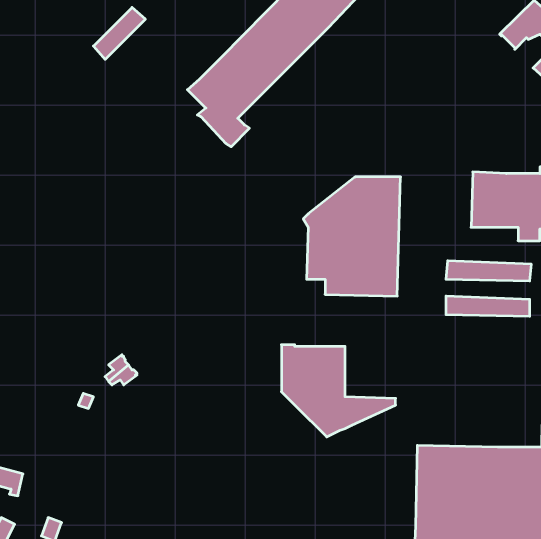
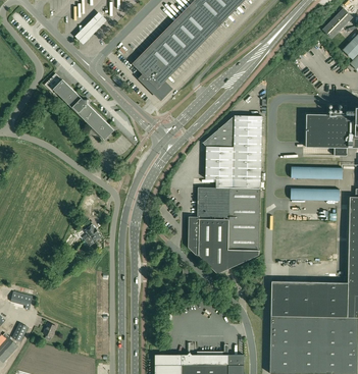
building: none -> [44,73,113,140]
building: none -> [197,188,259,251]

